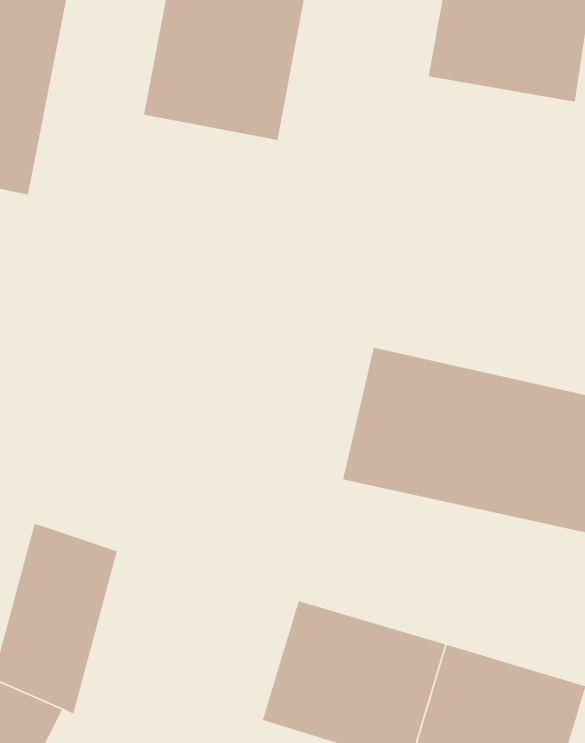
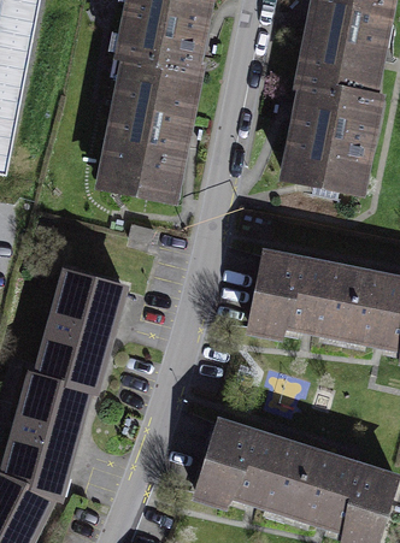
building: none -> [275,70,392,193]
building: none -> [87,95,195,211]
building: none -> [40,264,124,384]

